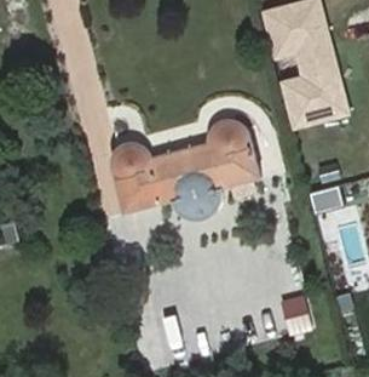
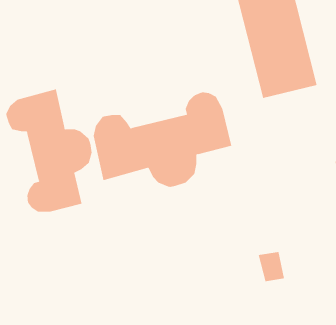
building: none -> [6,88,92,212]

